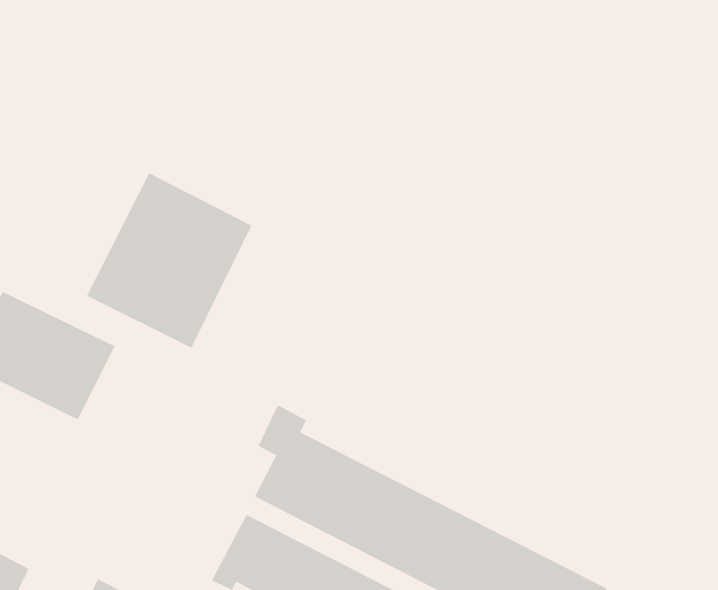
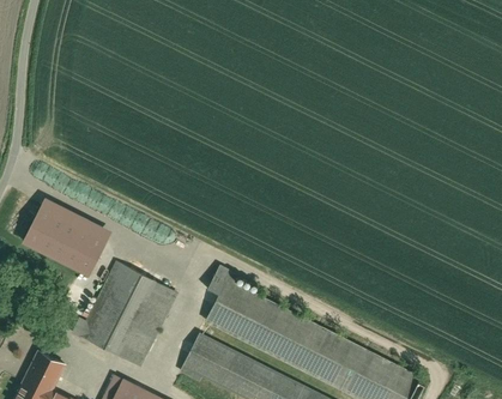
building: [86,173,252,349] -> [75,260,177,368]

